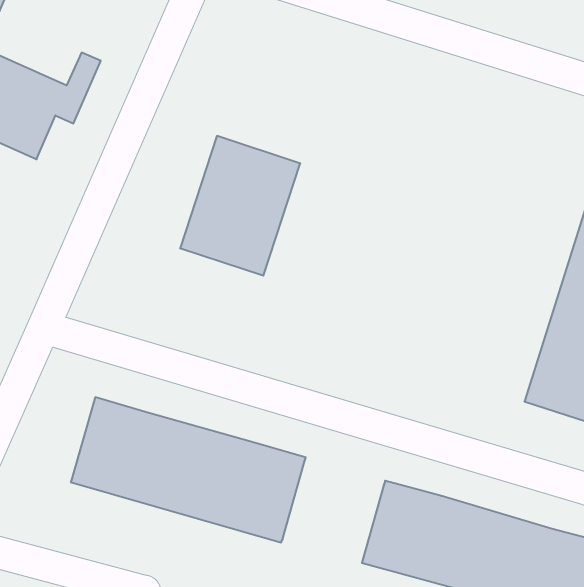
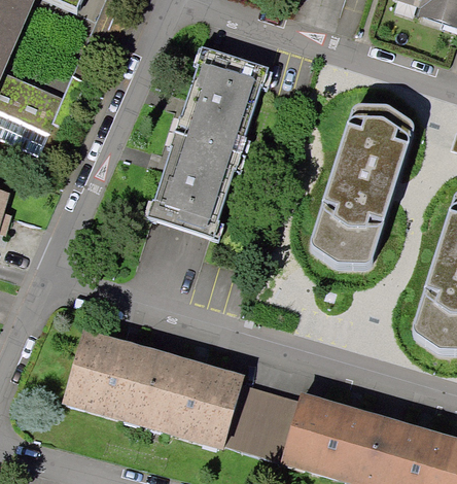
building: none -> [177,51,269,158]
building: none -> [297,95,411,284]
building: none -> [226,382,303,458]

